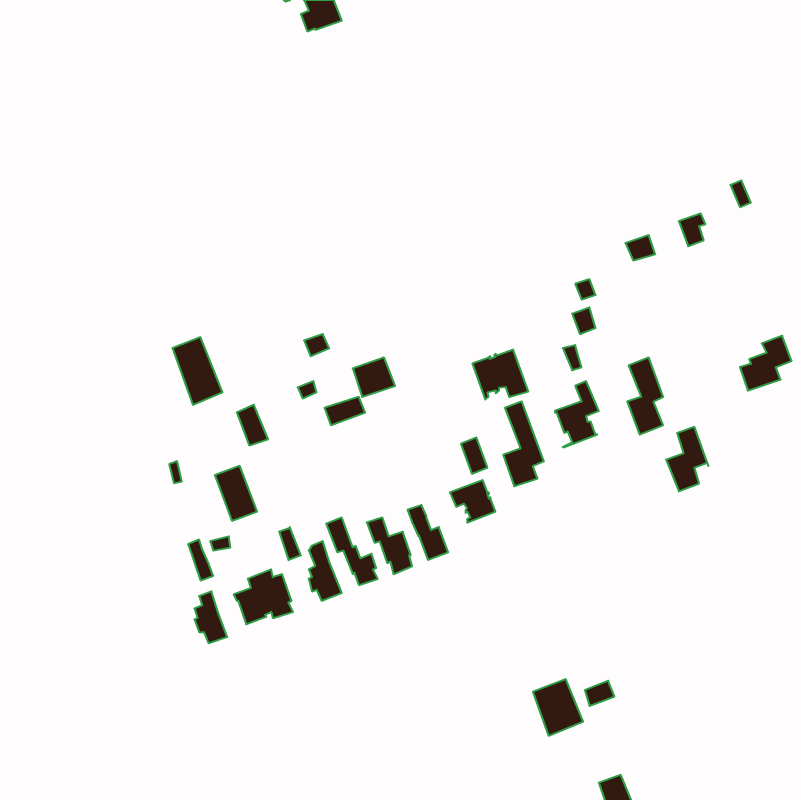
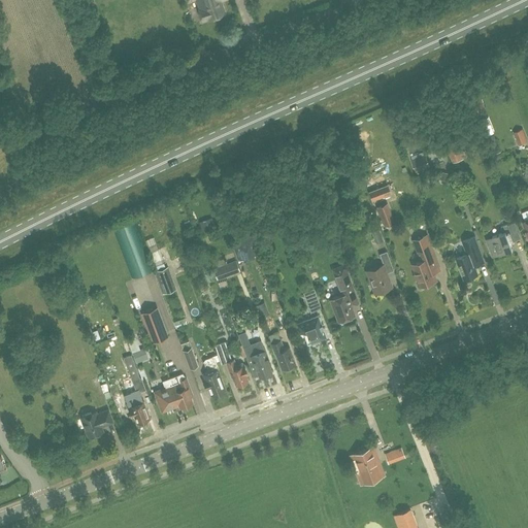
building: [473,349,528,400] -> none
building: [666,427,708,491] -> [456,237,484,279]
building: none -> [84,411,112,437]

